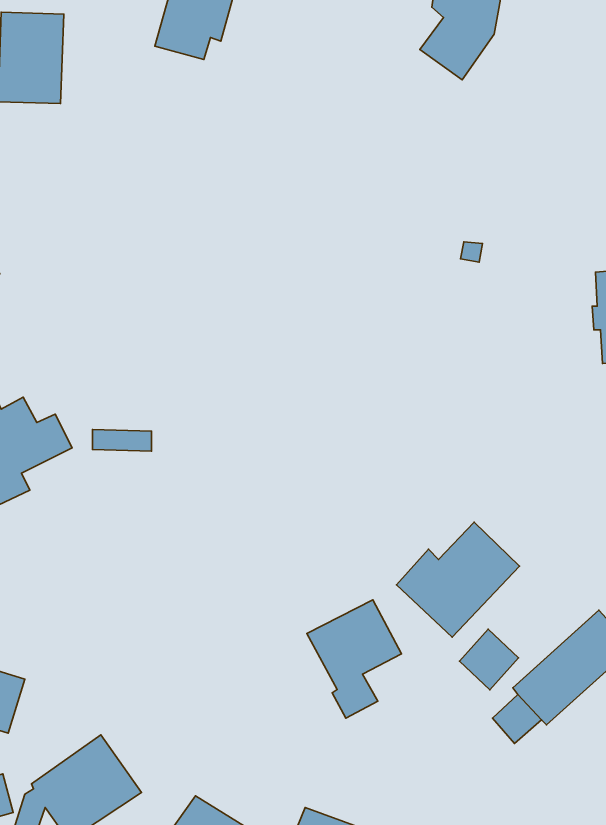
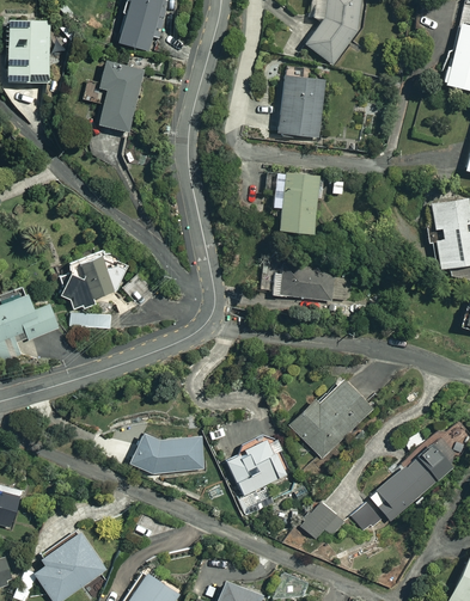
building: none -> [96,61,145,131]
building: none -> [275,74,326,137]
building: none -> [269,171,322,233]
building: none -> [59,247,128,311]
building: none -> [274,264,337,301]
building: none -> [129,430,205,473]
building: [459,629,519,690] -> [303,503,344,546]

